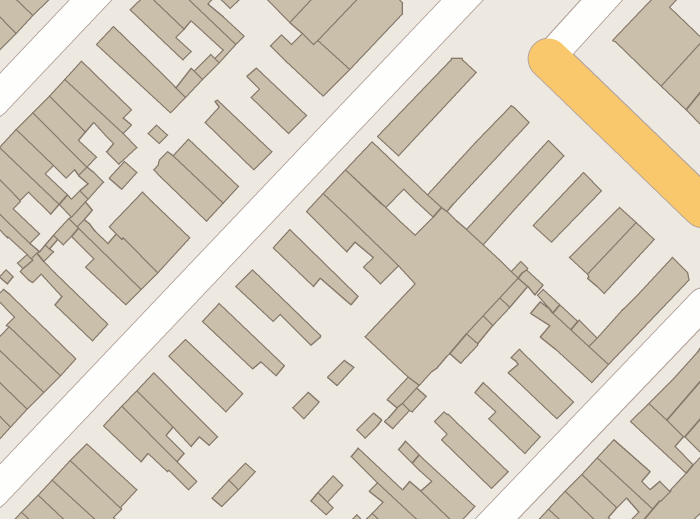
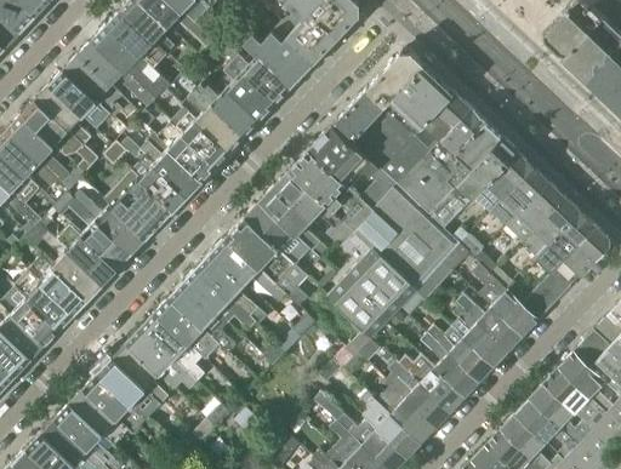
building: none -> [107,10,167,65]
building: none -> [79,40,156,108]
building: none -> [232,52,290,102]
building: none -> [332,64,454,171]
building: none -> [198,84,260,133]
building: none -> [171,105,229,164]
building: none -> [398,108,486,201]
building: none -> [429,137,517,228]
building: none -> [133,155,188,208]
building: none -> [489,167,548,225]
building: none -> [261,185,329,259]
building: none -> [535,210,594,271]
building: none -> [228,217,308,307]
building: none -> [56,222,118,284]
building: none -> [199,251,258,315]
building: none -> [30,256,89,314]
building: none -> [170,281,237,353]
building: none -> [456,293,524,351]
building: none -> [142,311,206,382]
building: none -> [427,325,494,382]
building: none -> [399,354,466,412]
building: none -> [543,368,606,429]
building: none -> [84,372,147,434]
building: none -> [377,384,437,442]

